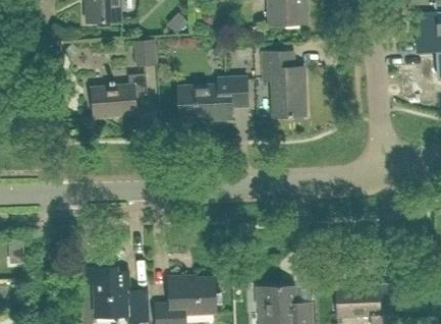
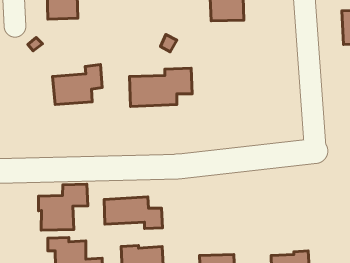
building: [133,39,156,66] -> none
building: [262,50,306,117] -> none
building: none -> [38,184,88,230]
building: none -> [104,197,163,228]

